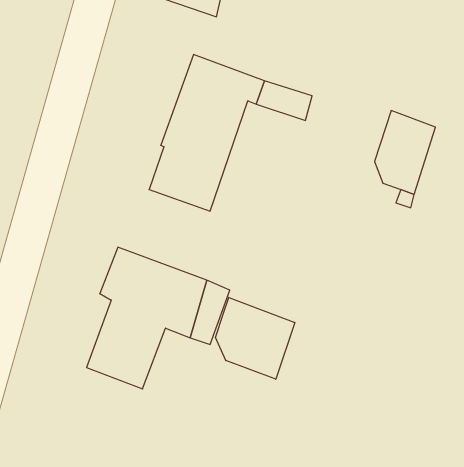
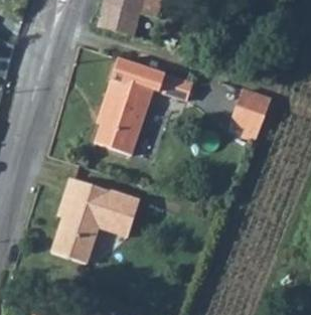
building: [215,297,295,379] -> none

